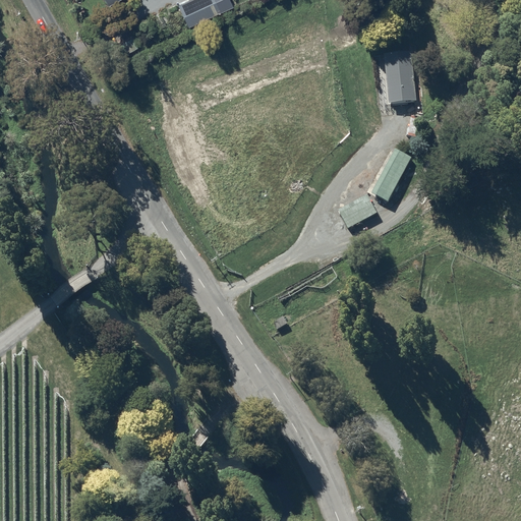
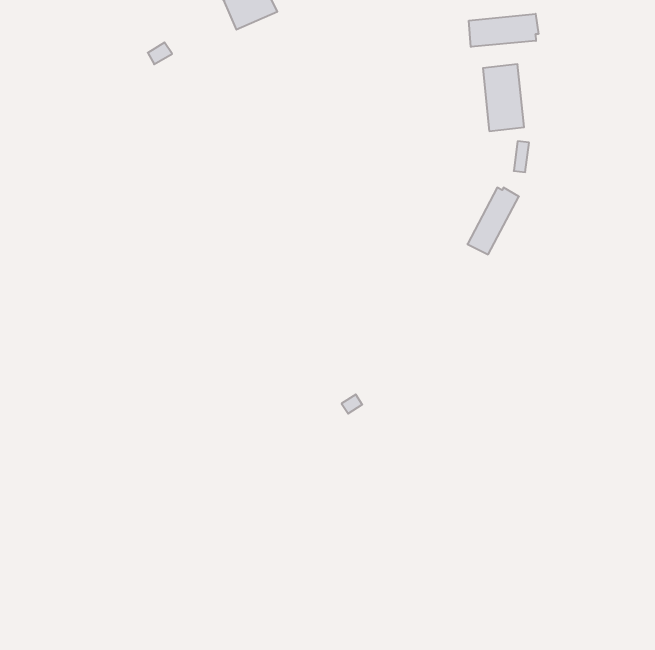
building: none -> [469,14,538,47]
building: [337,194,377,229] -> none

